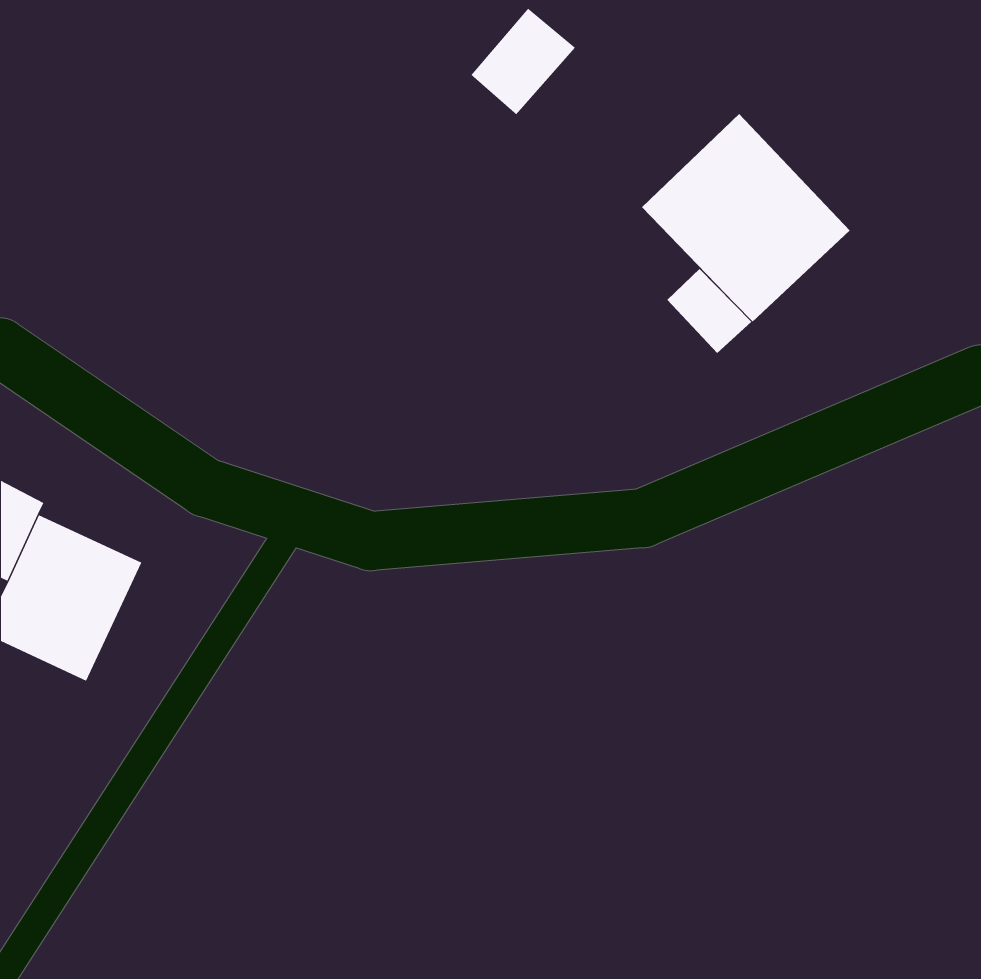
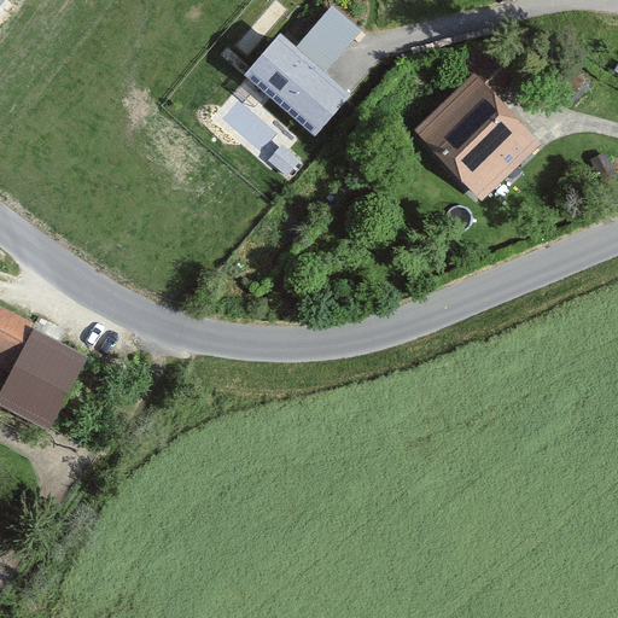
building: none -> [245,34,350,134]
building: [666,268,752,354] -> none

